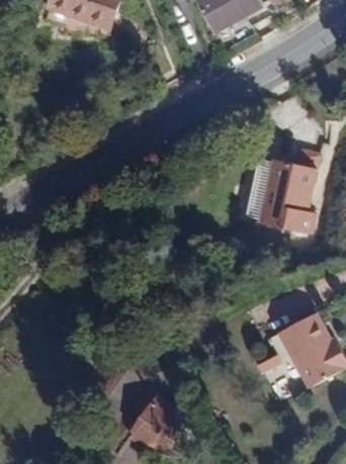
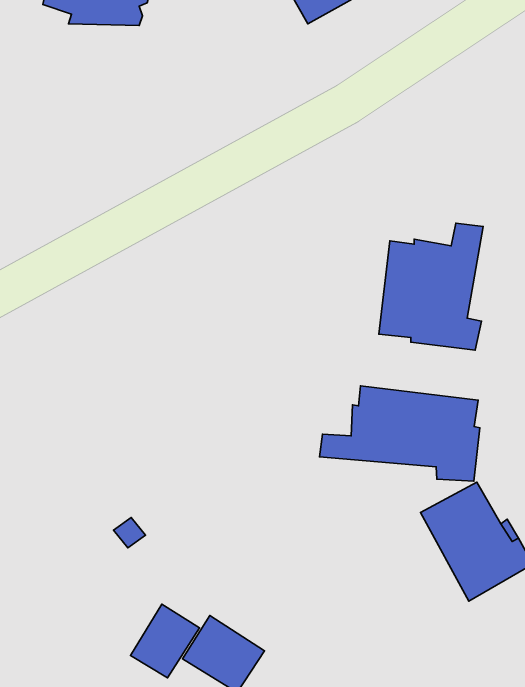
building: none -> [320,386,480,481]
building: none -> [130,604,199,678]

